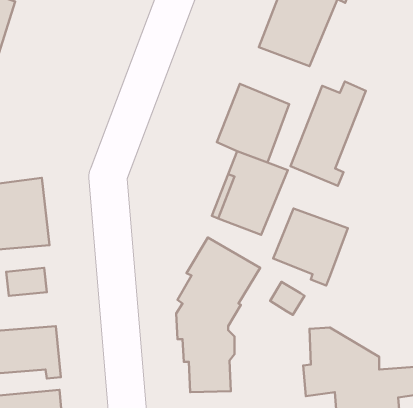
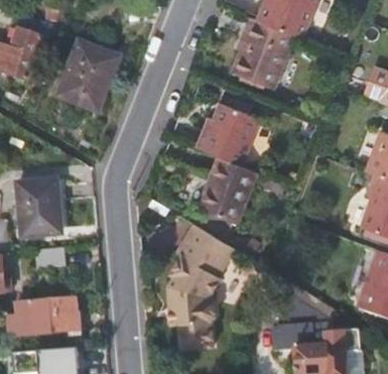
building: none -> [55,41,117,112]
building: [291,82,366,186] -> none
building: [273,208,348,285] -> none

